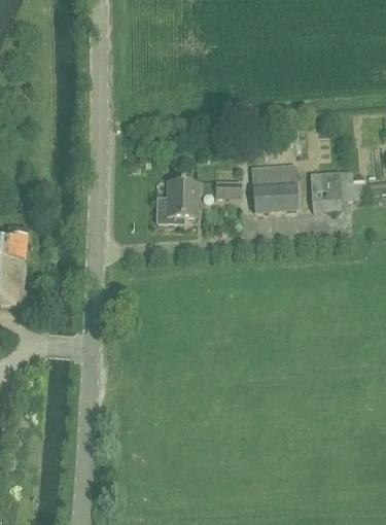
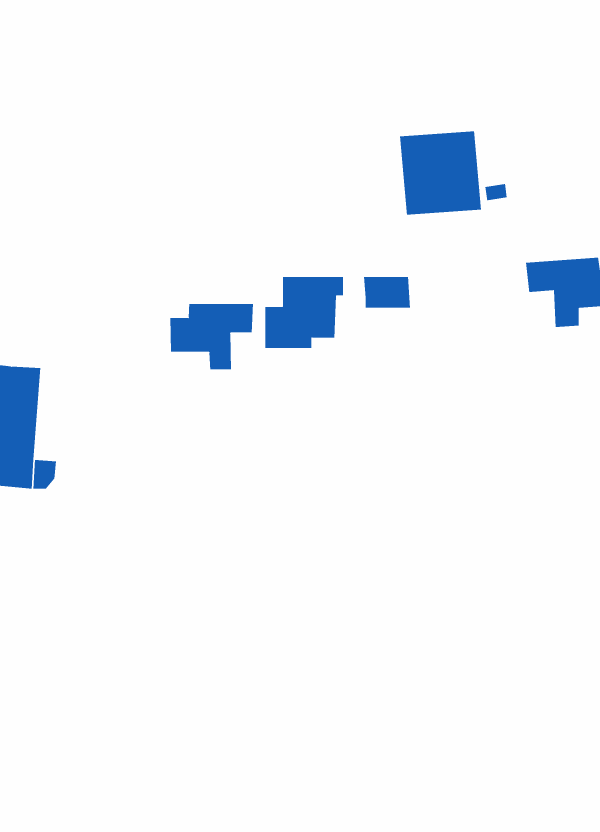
building: [249,164,297,213] -> [399,131,482,215]
building: none -> [170,303,253,370]

